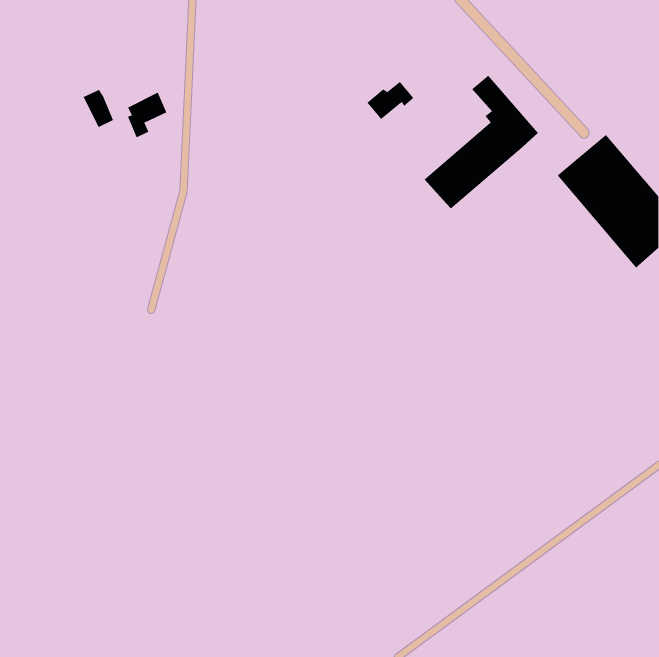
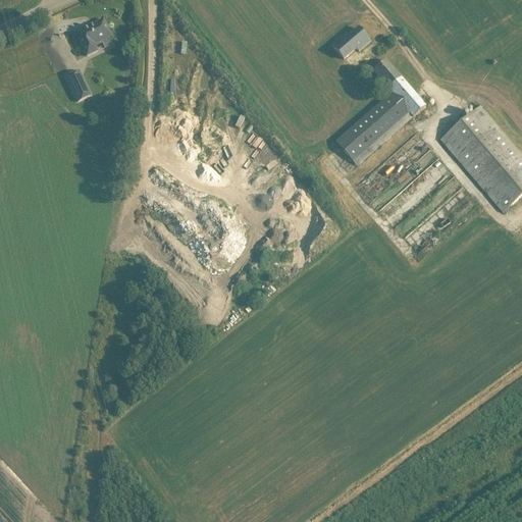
building: [366,81,414,120] -> [331,28,369,58]
building: [127,92,167,138] -> [79,18,110,55]

